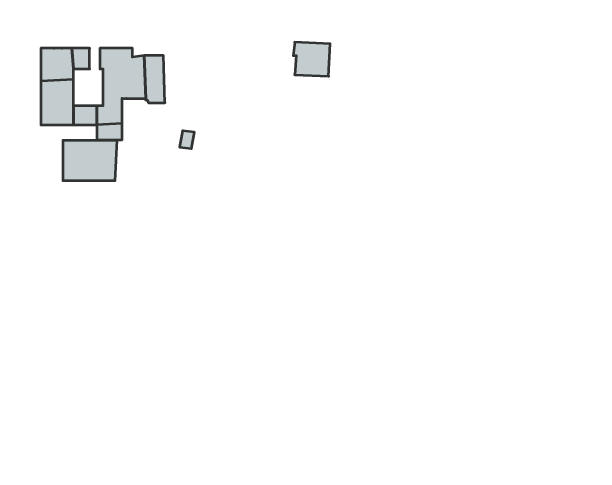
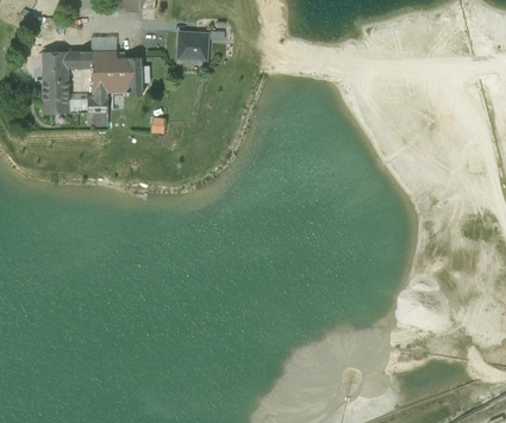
building: [293,42,330,76] -> [177,31,207,58]
building: [63,140,117,181] -> none

